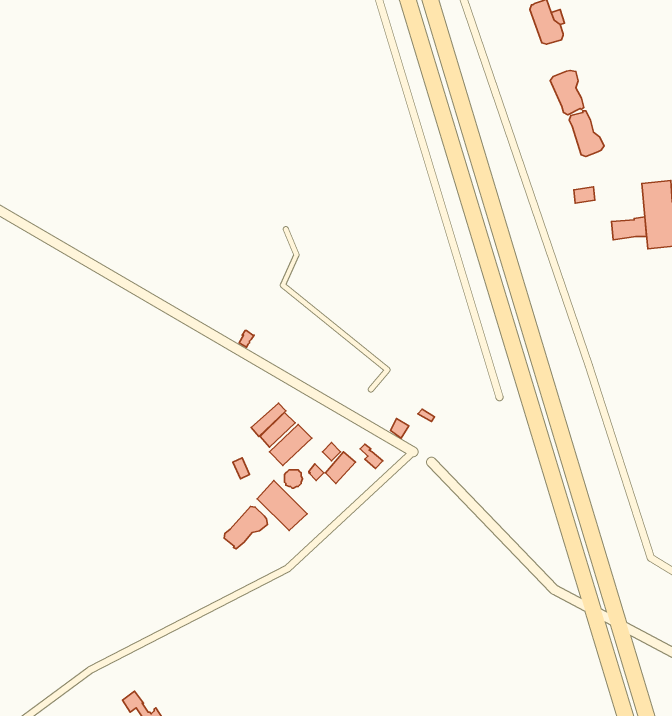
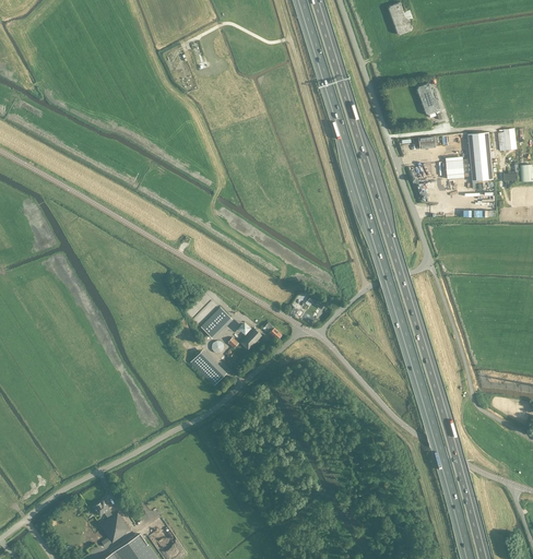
building: [550,70,584,115] -> none
building: [224,507,267,549] -> none

